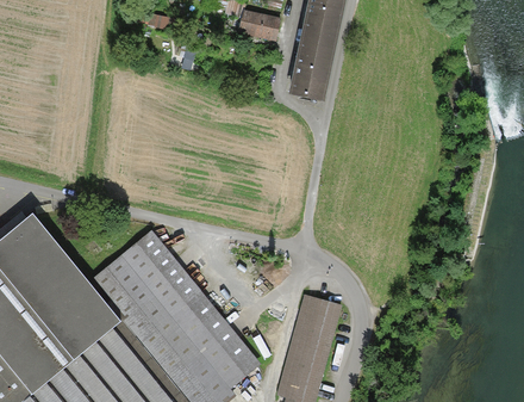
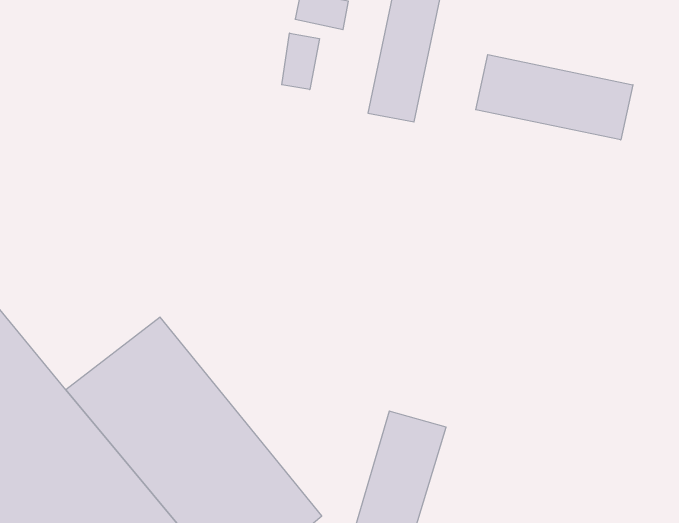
building: none -> [282,33,319,90]
building: none -> [476,55,633,140]

